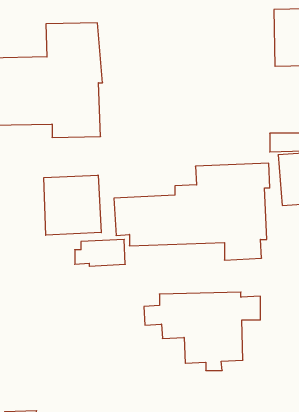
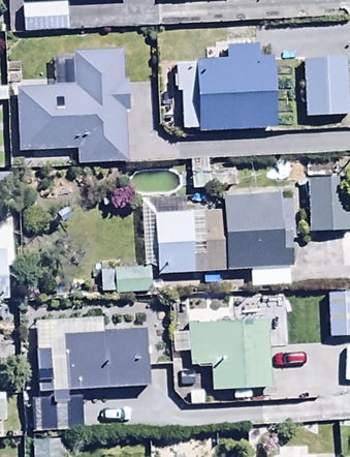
building: none -> [174,43,278,126]
building: [44,175,101,235] -> none
building: none -> [34,316,151,430]

